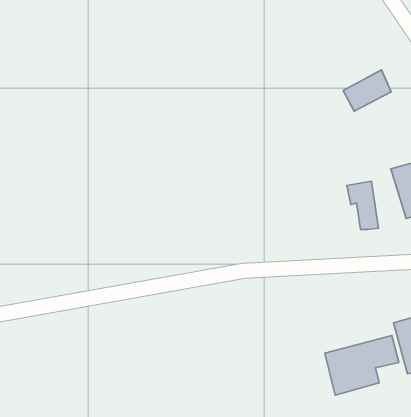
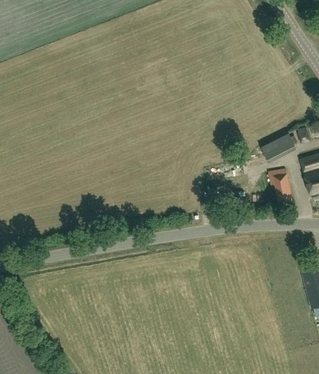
building: [343,70,391,111] -> [261,132,296,162]
building: [325,336,399,395] -> none

